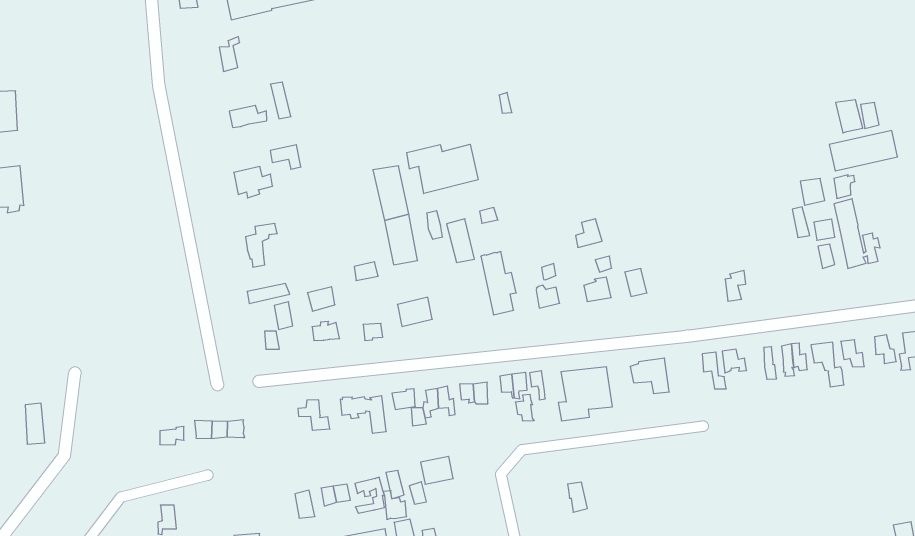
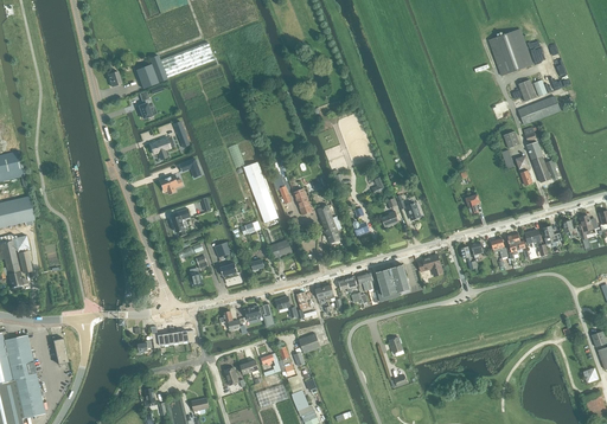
building: none -> [487,27,532,76]
building: [407,144,478,194] -> none

